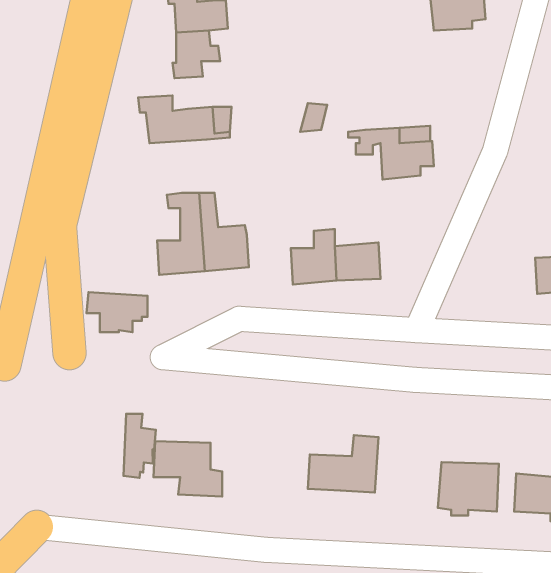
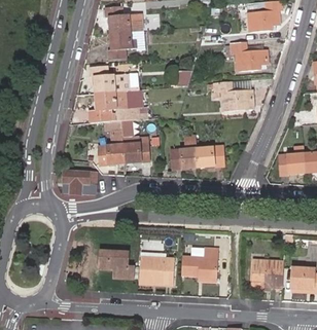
building: none -> [227,43,265,71]
building: none -> [89,89,138,118]
building: none -> [280,146,305,174]
building: [123,414,156,478] -> none
building: none -> [141,260,175,288]

